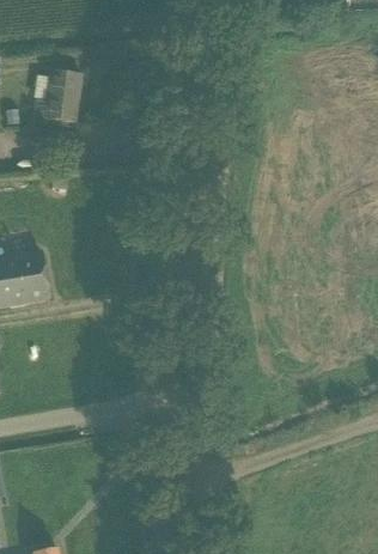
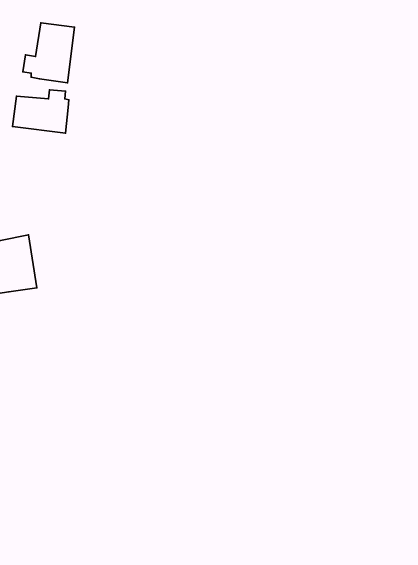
building: none -> [13,90,69,133]

